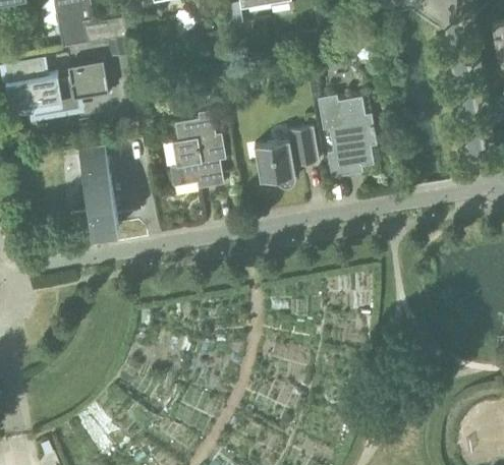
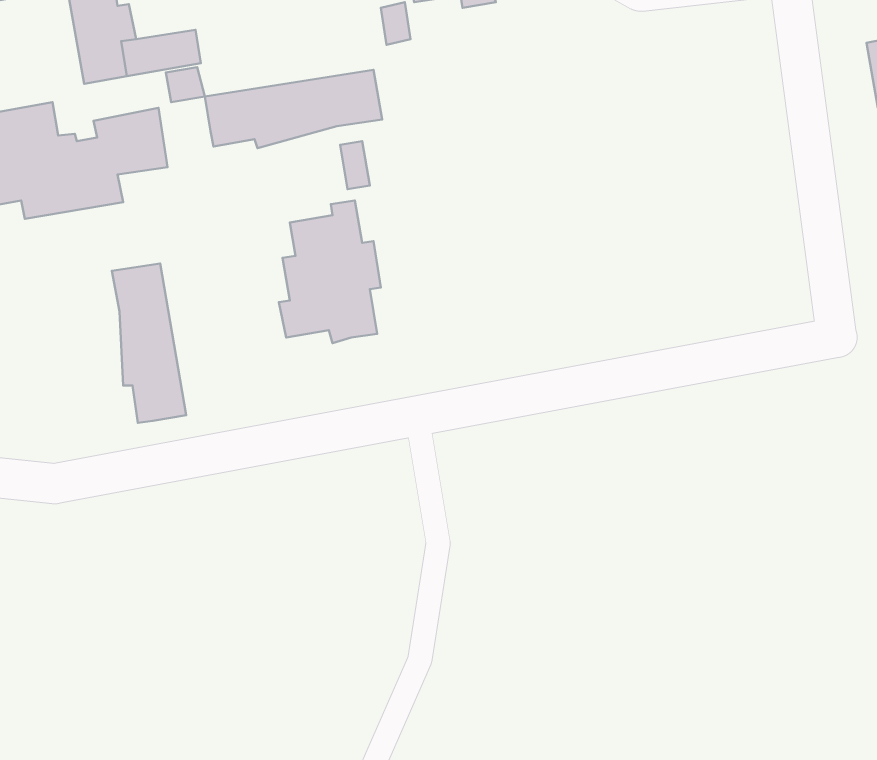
building: none -> [205,70,382,148]
building: [307,78,376,178] -> none
building: [254,127,319,185] -> none

